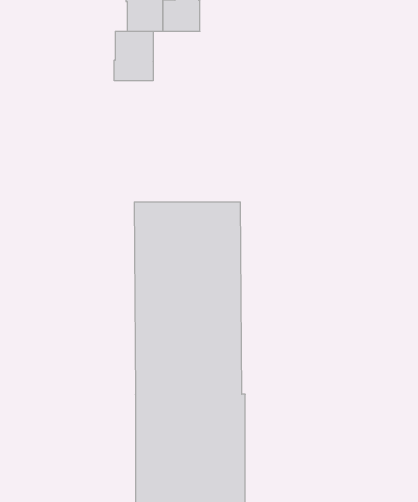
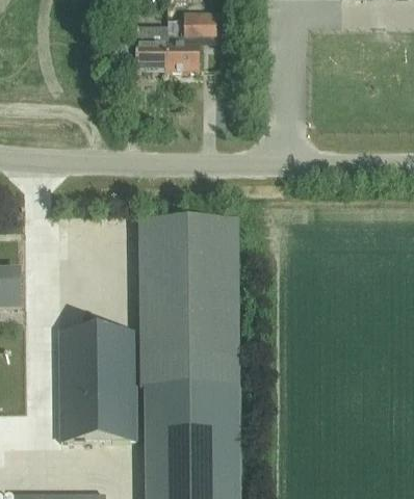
building: [114,31,153,81] -> none
building: none -> [59,330,135,439]

